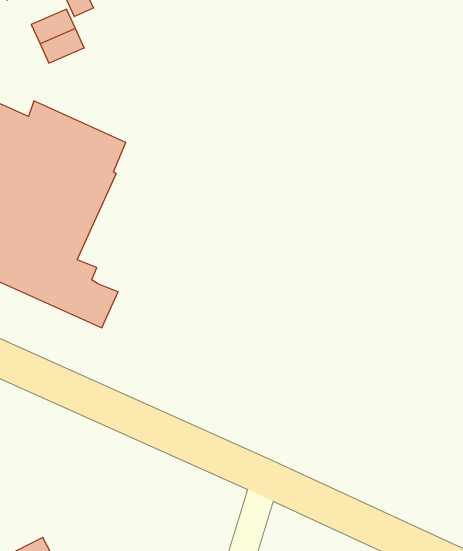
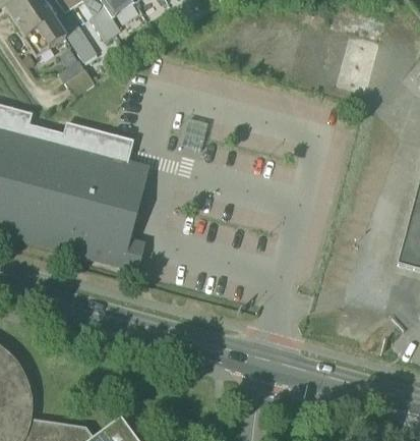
building: none -> [114,164,151,241]

